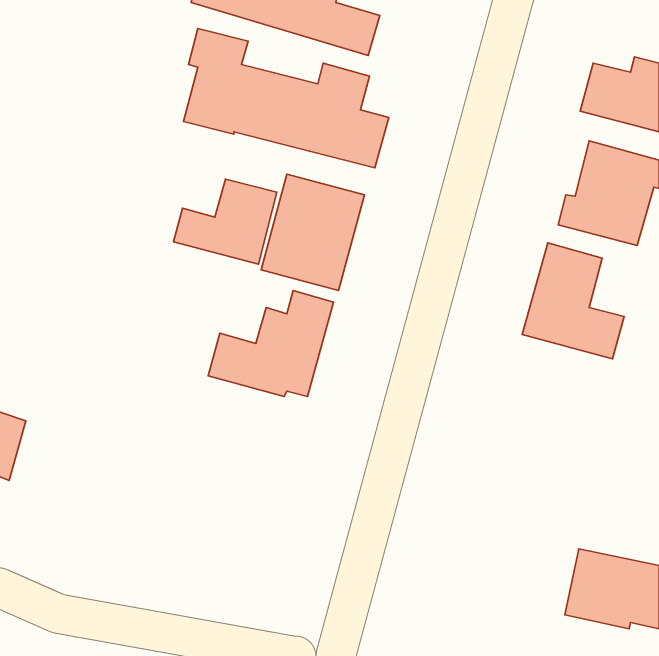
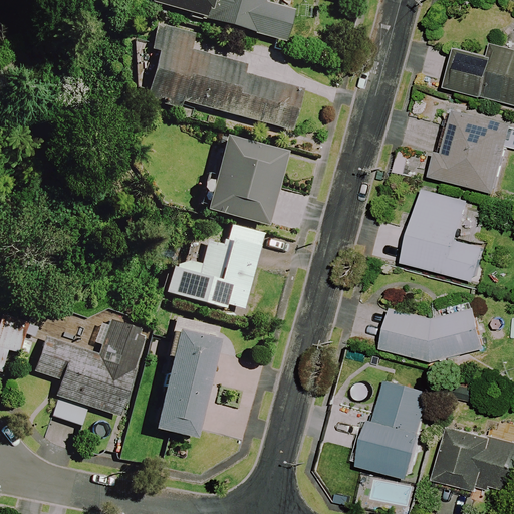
building: [173,179,277,264] -> none
building: none -> [386,306,487,360]
building: none -> [156,319,221,438]
building: none -> [33,323,142,425]
building: none -> [358,378,432,477]

